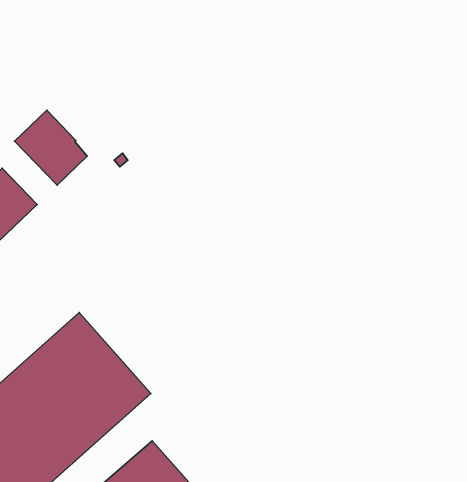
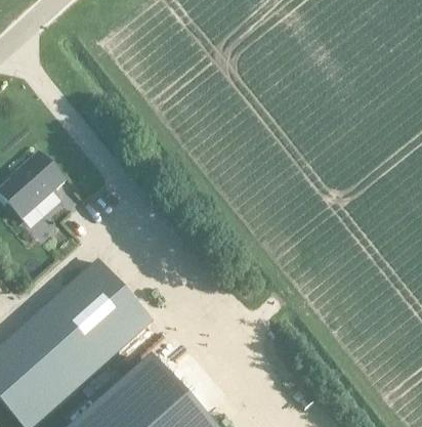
building: [14,110,87,185] -> none

